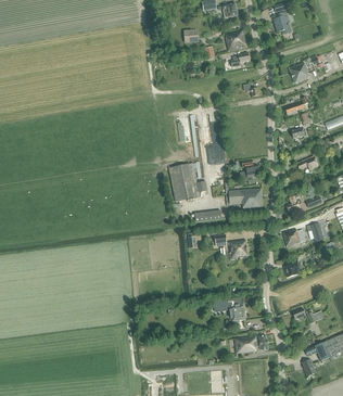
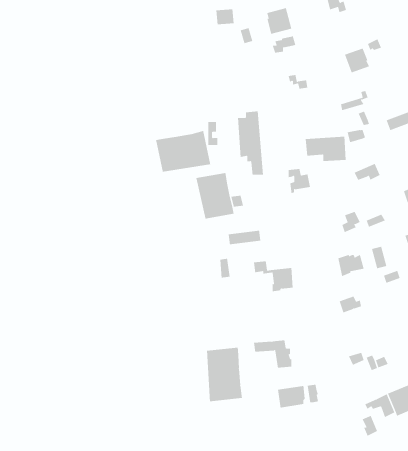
building: none -> [156,130,211,173]
building: [229,188,263,208] -> [305,136,347,162]
building: none -> [207,347,243,402]

